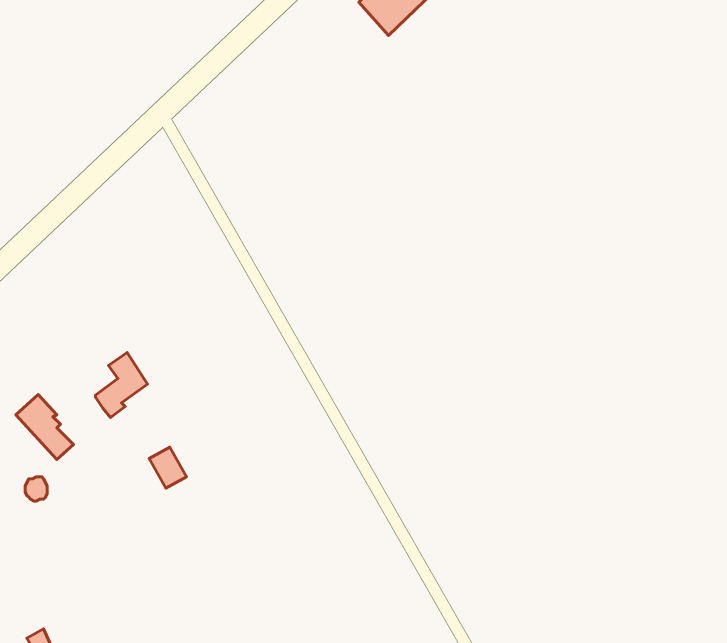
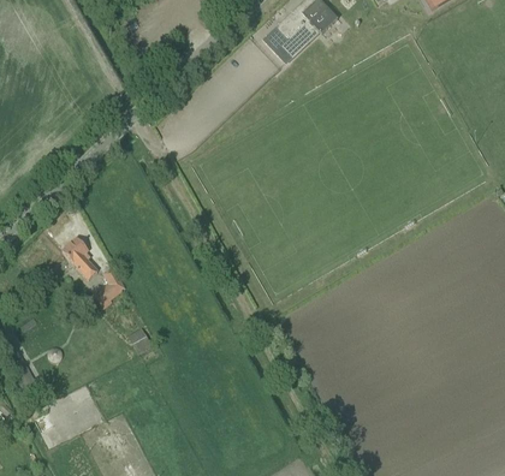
building: [16,395,73,459] -> [63,238,100,280]

